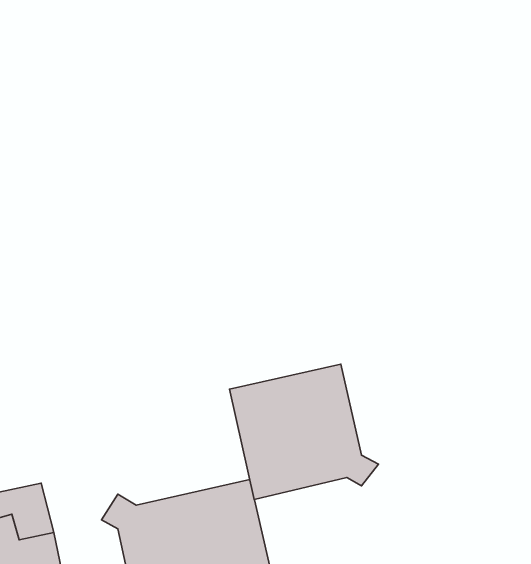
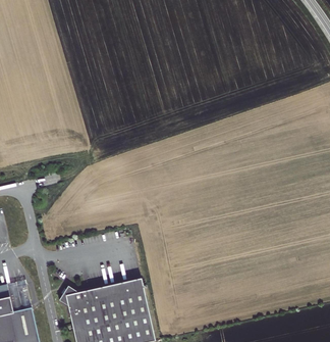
building: [229,364,379,499] -> none

